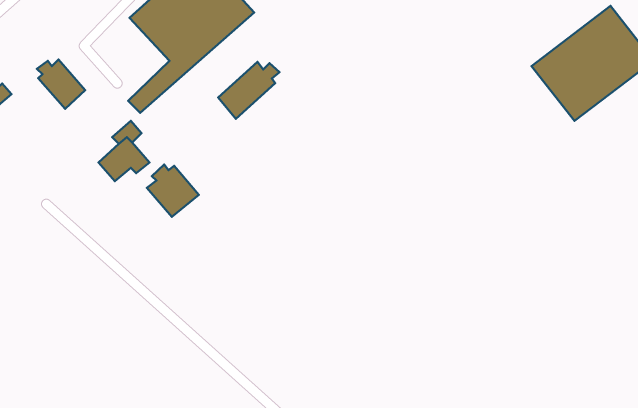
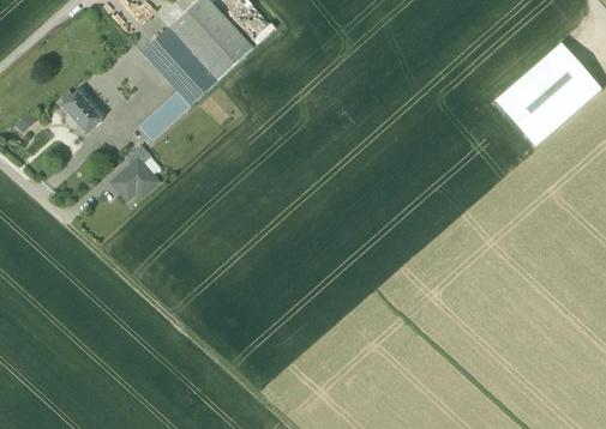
building: [218,62,279,119] -> none
building: [147,164,199,217] -> none

